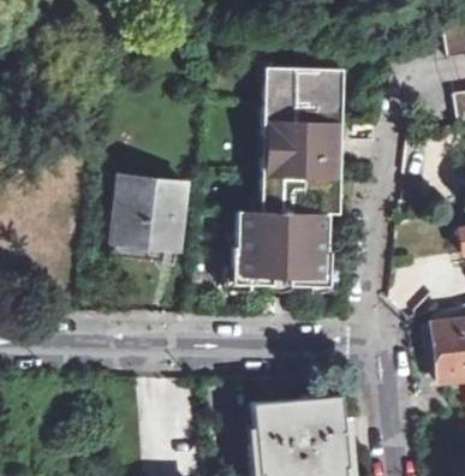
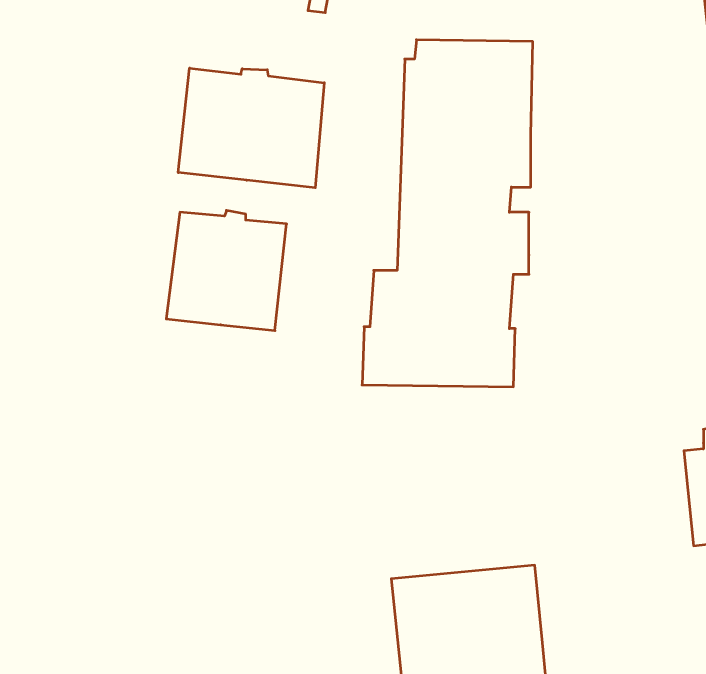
building: none -> [178,68,324,188]

